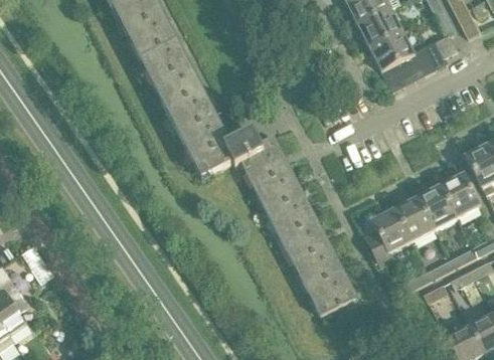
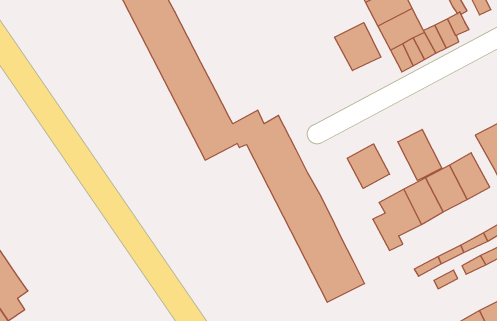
building: none -> [335,23,381,71]
building: none -> [398,129,442,180]
building: none -> [347,144,390,188]

